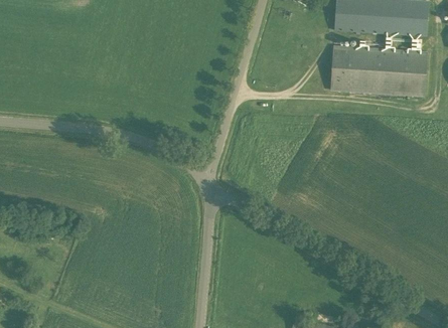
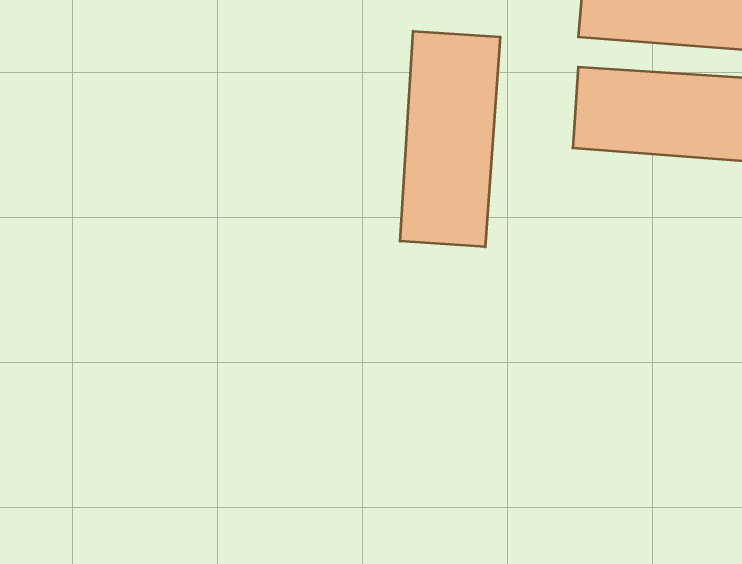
building: none -> [400,31,500,247]

